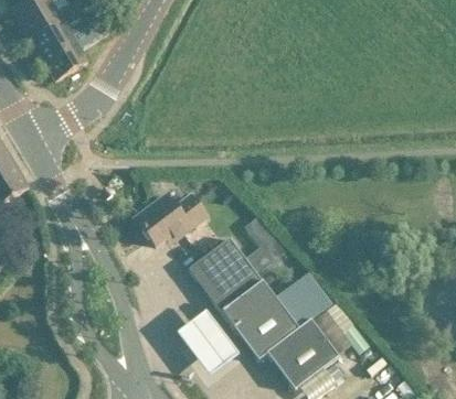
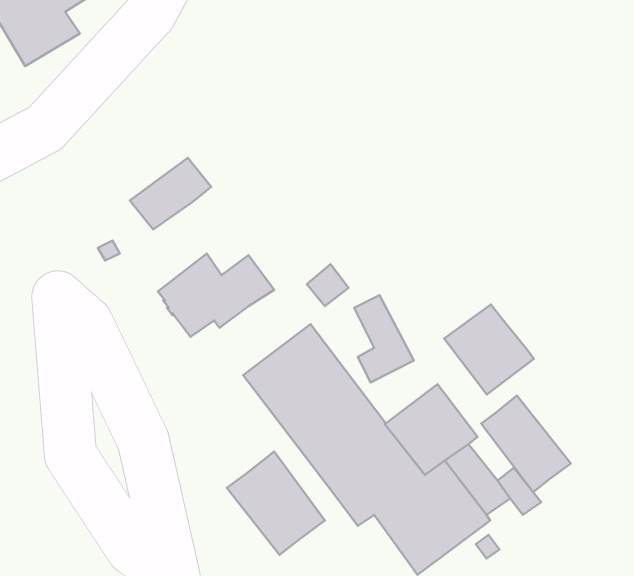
building: none -> [130,158,211,229]
building: none -> [444,305,534,395]
building: none -> [481,395,571,492]

